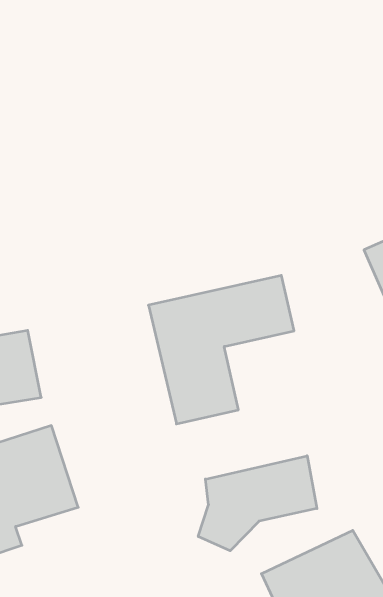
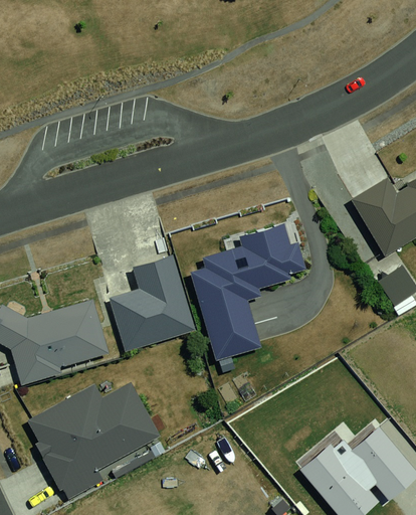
building: none -> [108,258,197,357]
building: [198,456,317,551] -> none

